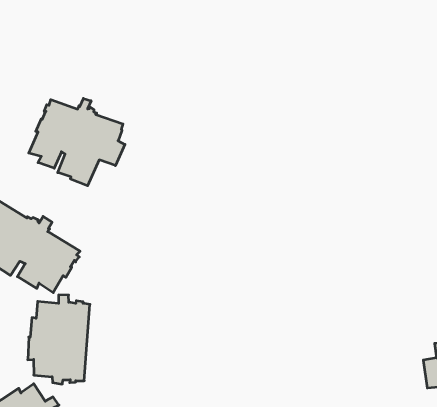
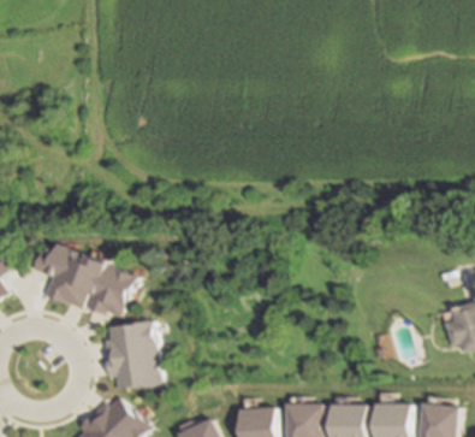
building: [29,98,125,186] -> none

